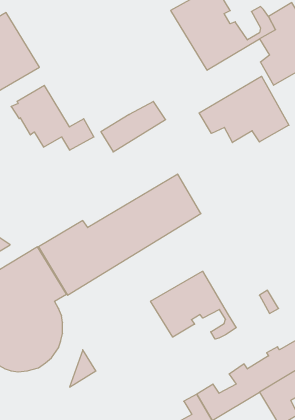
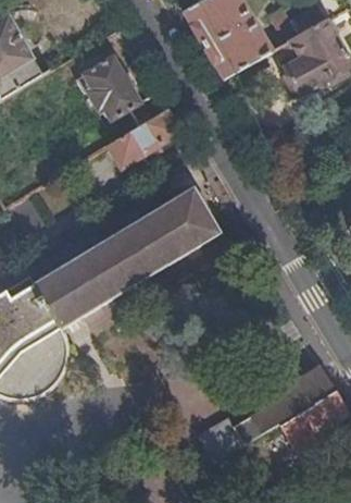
building: [199,76,289,143] -> none
building: [11,85,94,150] -> [77,56,166,125]
building: [151,271,236,339] -> none

